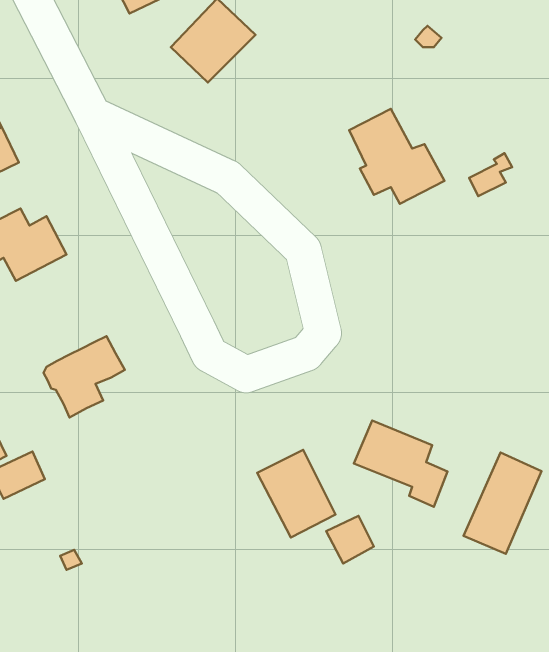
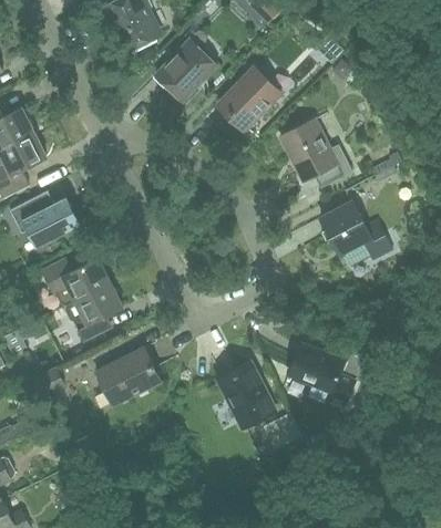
building: none -> [219,66,280,127]
building: none -> [320,201,392,266]
building: none -> [41,258,110,304]
building: none -> [95,348,157,403]
building: [463,453,541,554] -> none

